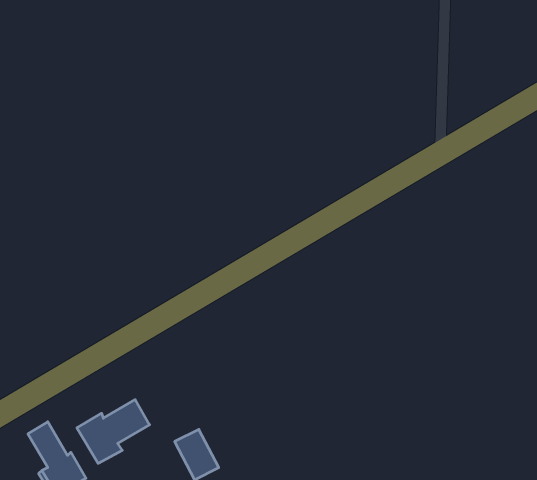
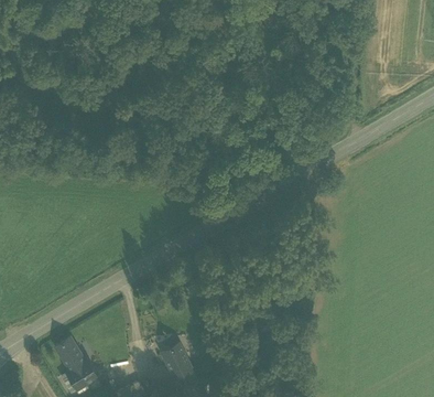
building: [77,400,150,463] -> none

